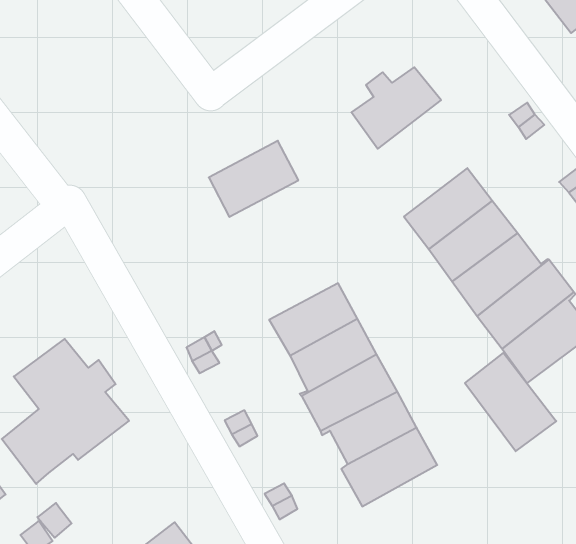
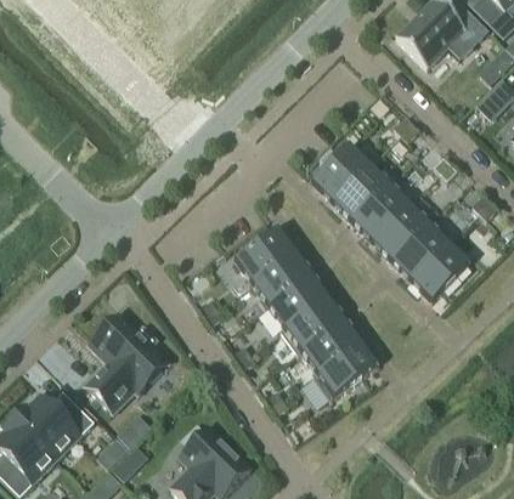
building: [351,67,441,149] -> [312,144,371,202]
building: [209,141,298,217] -> [236,227,295,282]
building: [465,353,556,451] -> none

